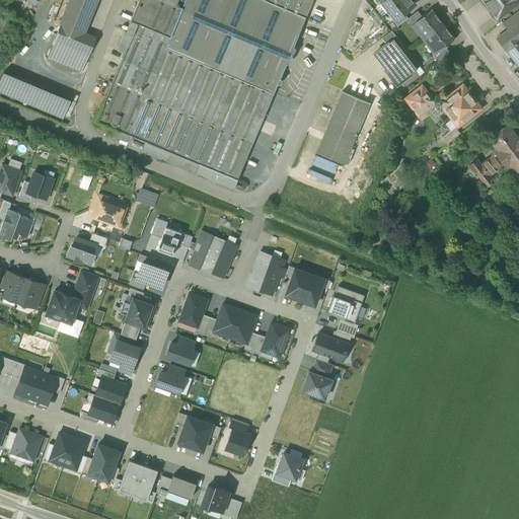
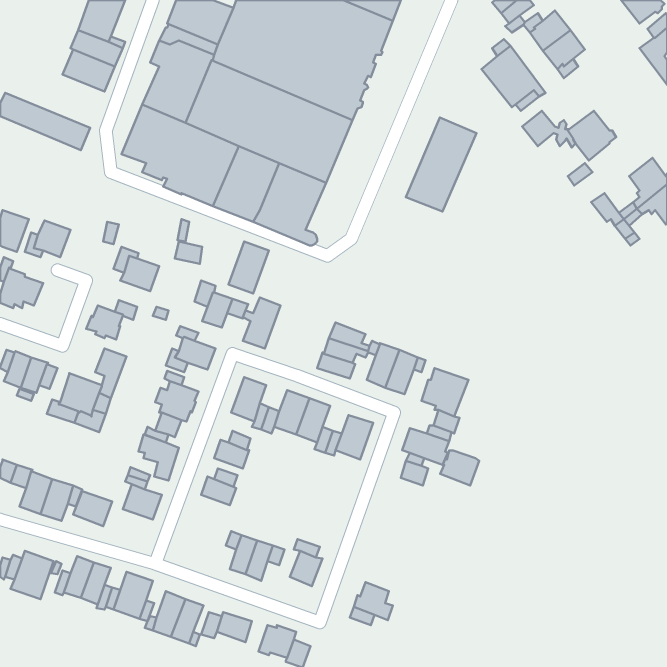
building: [206,237,237,278] -> [228,241,269,294]
building: [301,371,331,398] -> [440,450,479,486]
building: [88,395,119,423] -> [73,491,112,526]

